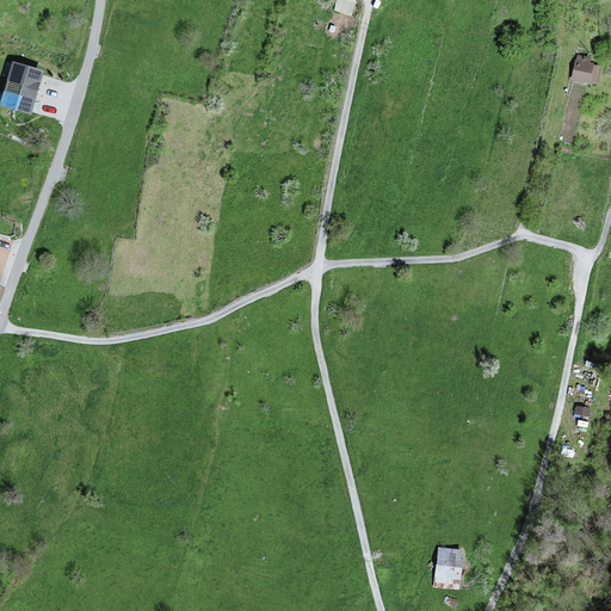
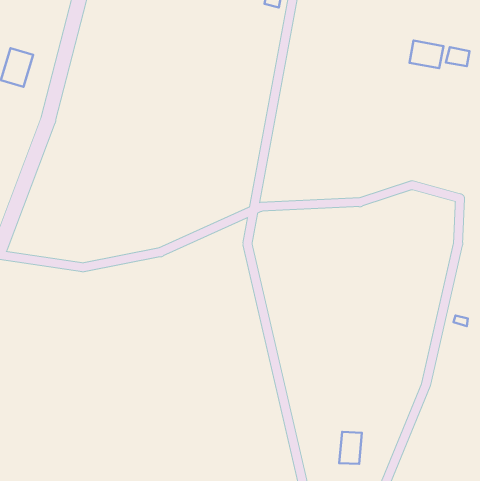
building: none -> [409,41,443,68]

